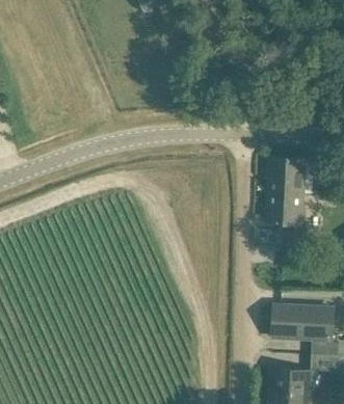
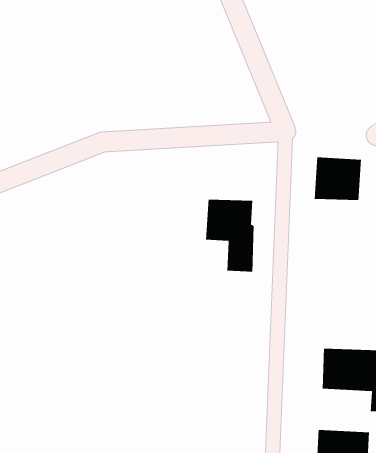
building: [265,189,303,246] -> [205,199,255,272]

